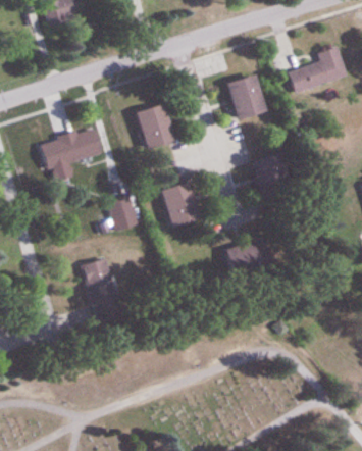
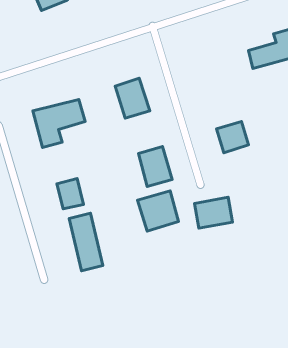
building: [227,74,266,119] -> none
building: [107,196,138,231] -> [57,179,83,209]
building: none -> [137,191,179,231]

